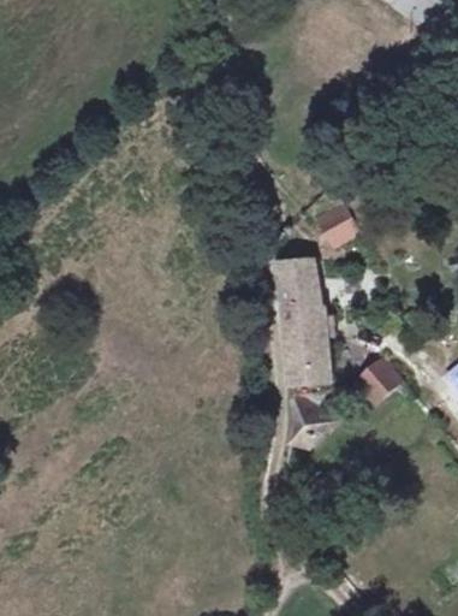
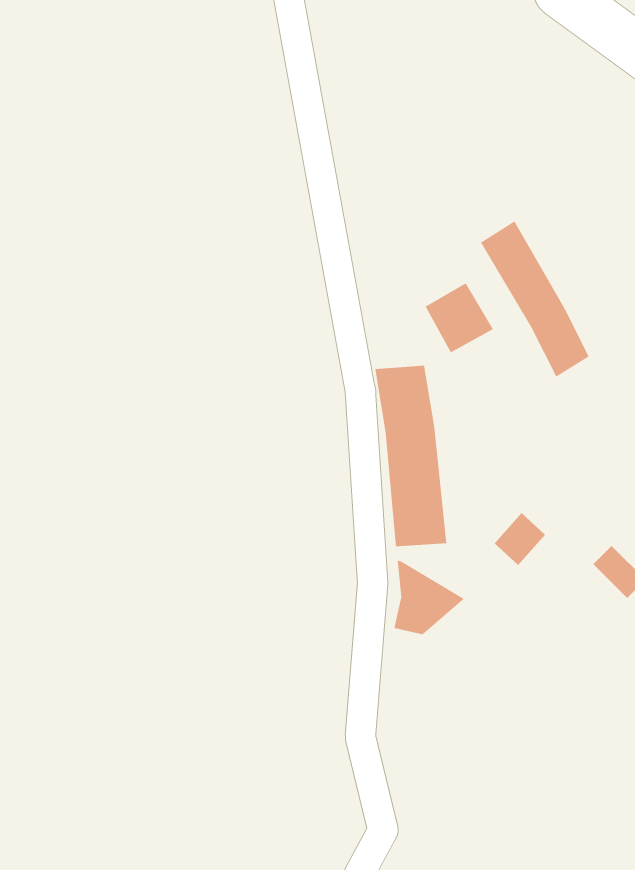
building: none -> [480,221,589,378]

